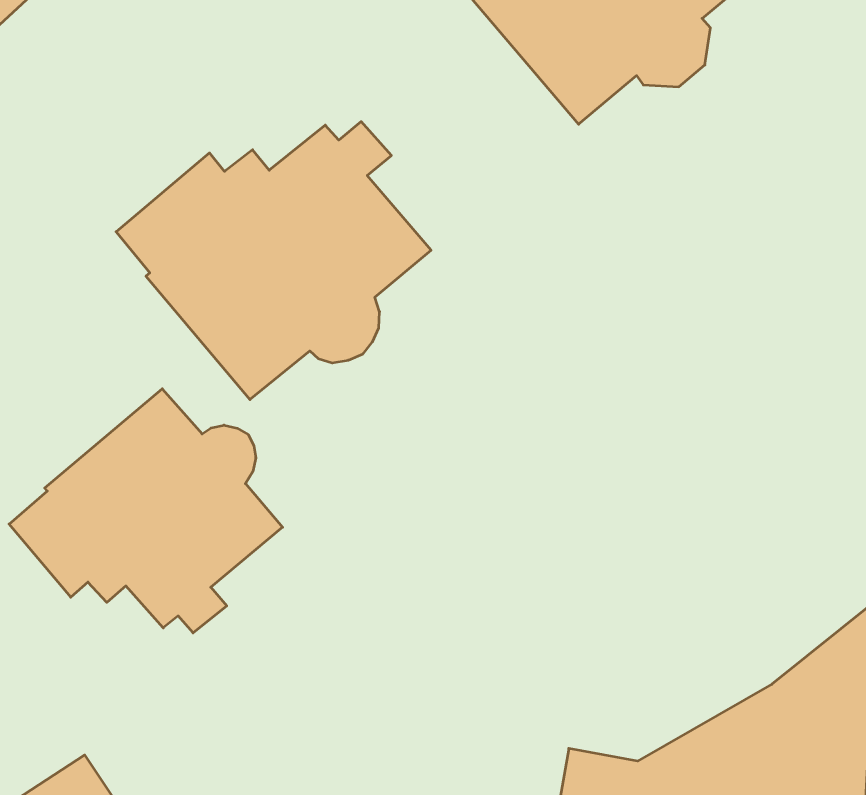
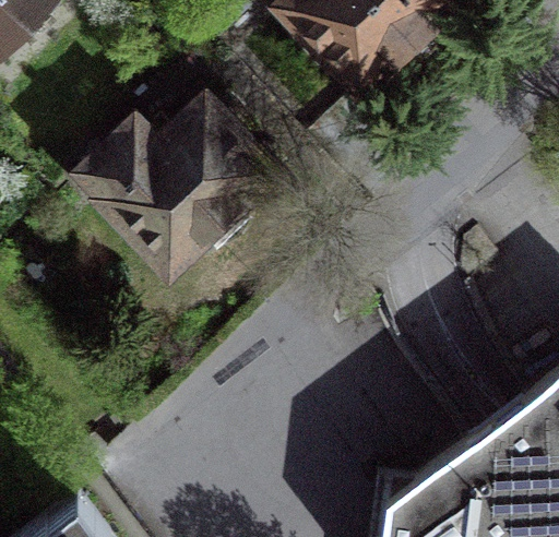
building: [9,389,283,633] -> none

